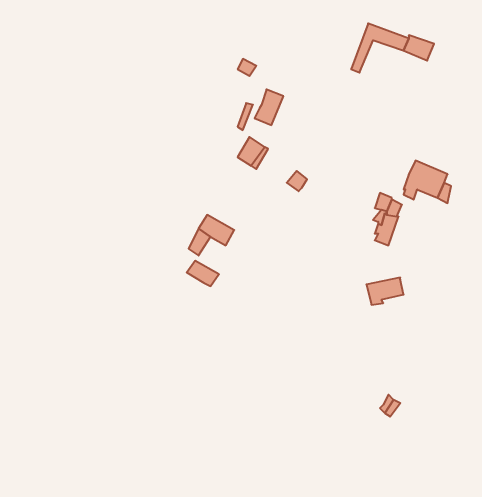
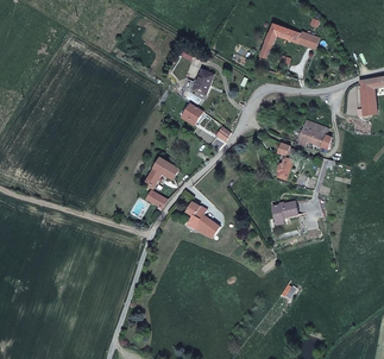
building: none -> [185,202,220,235]

